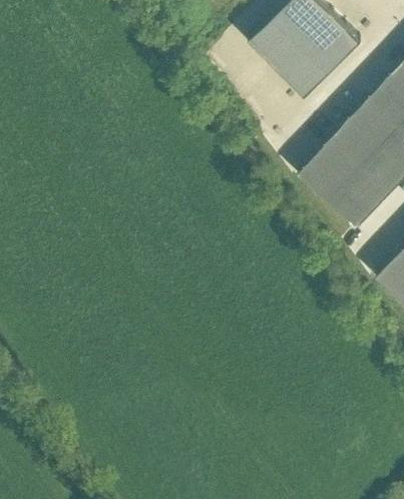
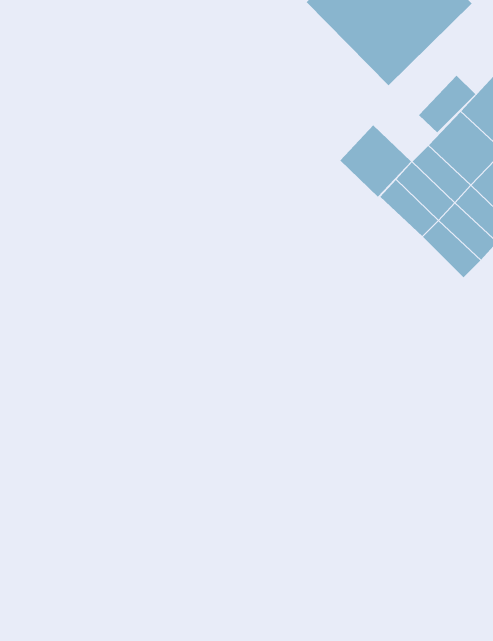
building: none -> [418,75,476,133]
building: none -> [339,124,412,198]

